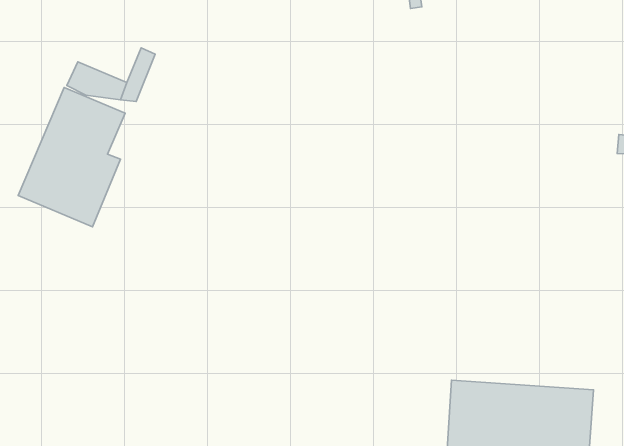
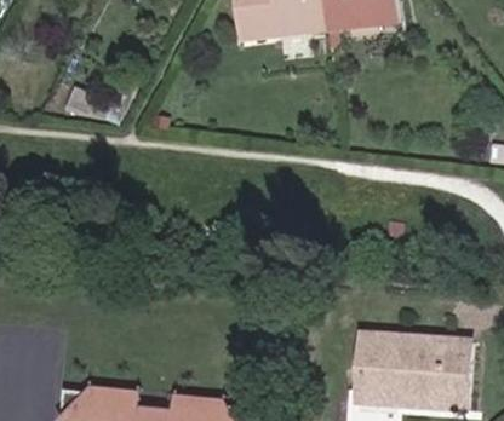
building: [18,87,125,227] -> none

